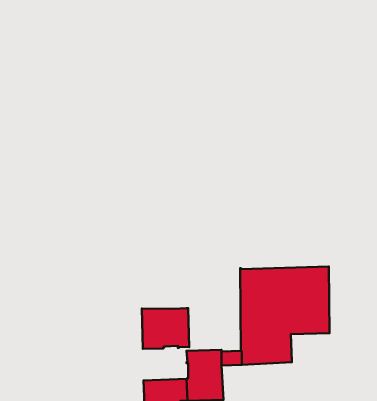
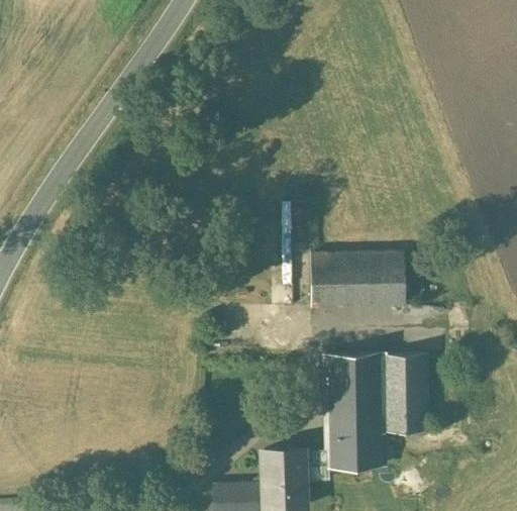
building: none -> [311,252,405,307]
building: [142,308,189,349] -> none

